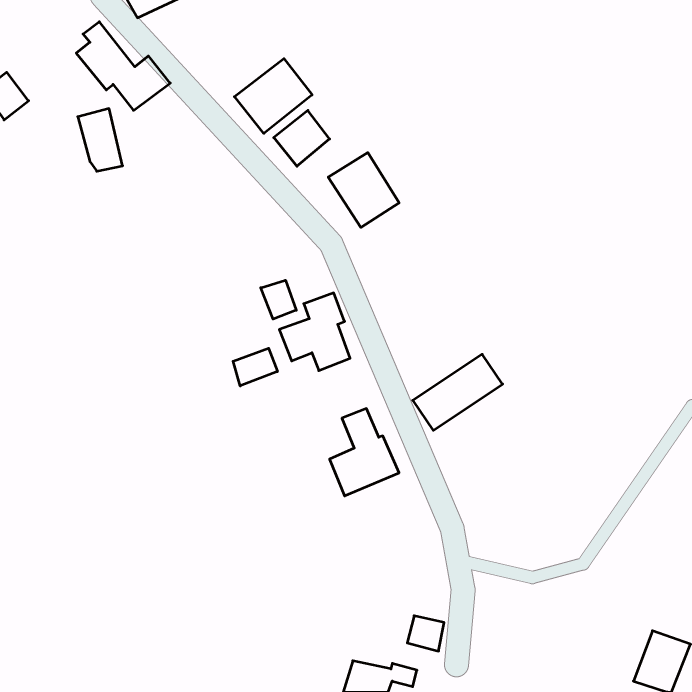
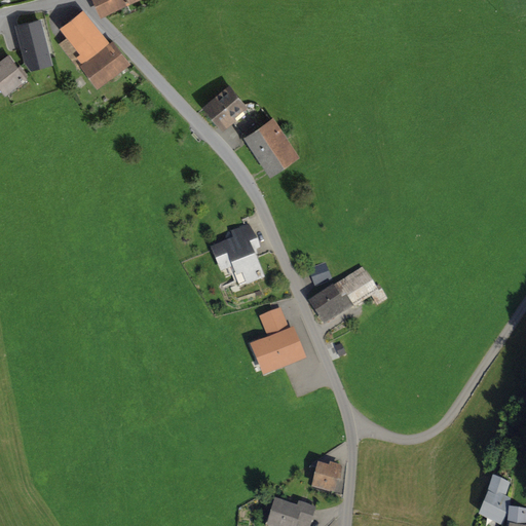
building: [234,59,312,133] -> none
building: [78,109,123,171] -> [13,18,47,66]
building: [261,280,296,319] -> none
building: [233,348,277,386] -> none

